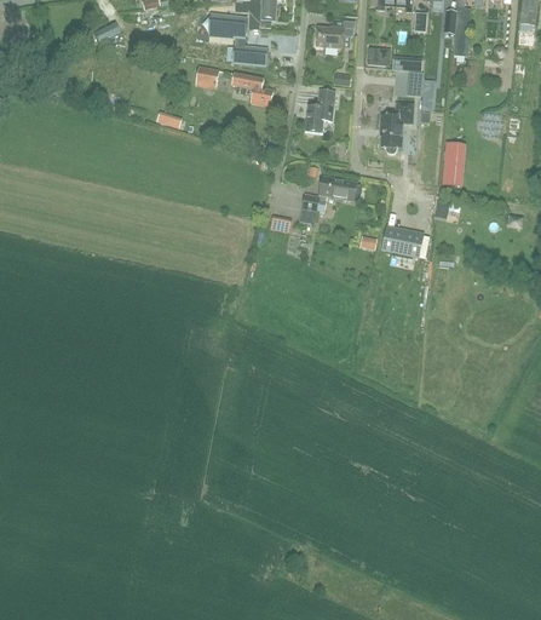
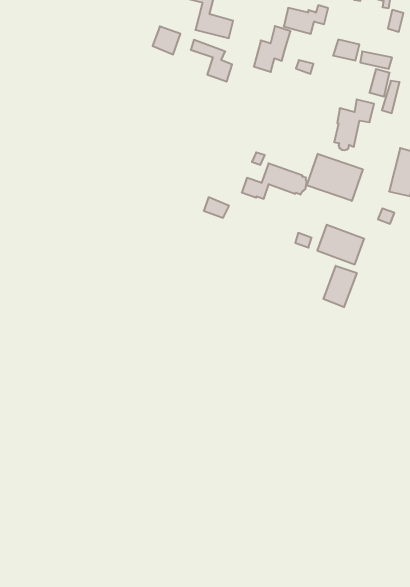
building: [306,88,335,132] -> [254,26,291,72]
building: none -> [307,154,363,201]
building: none -> [323,266,357,307]

